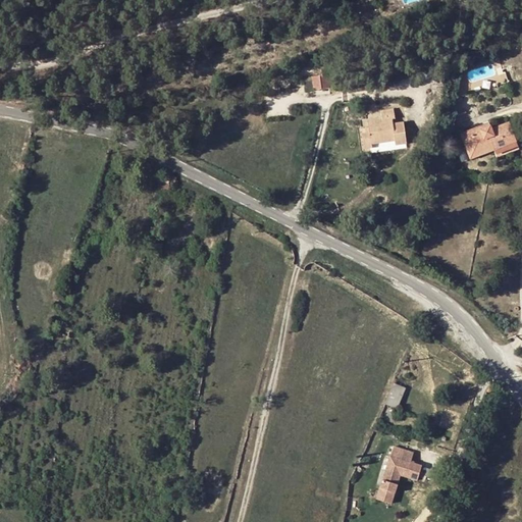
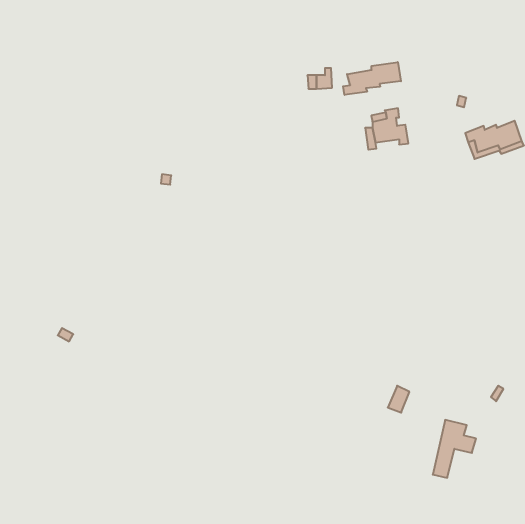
building: none -> [343,62,401,95]
building: [376,452,419,509] -> [433,420,476,478]

